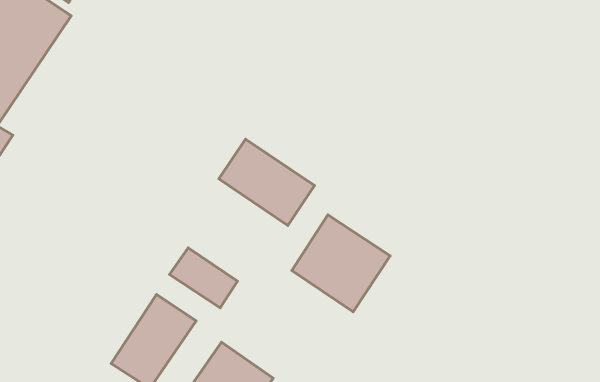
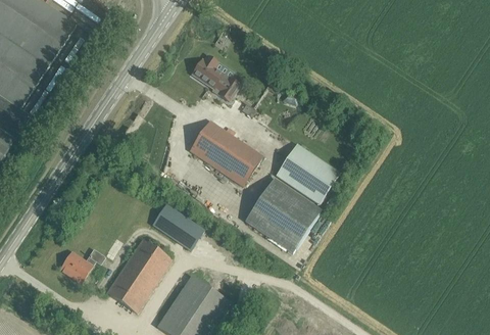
building: none -> [191,55,240,101]
building: none -> [275,143,339,204]
building: none -> [59,248,104,283]

